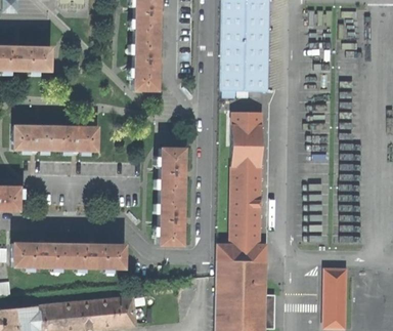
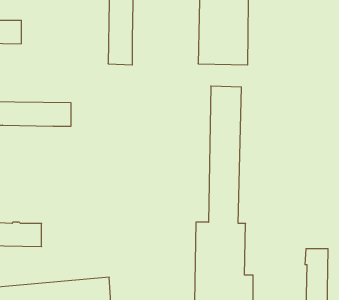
building: [159,148,183,245] -> none
building: [69,244,124,268] -> none

